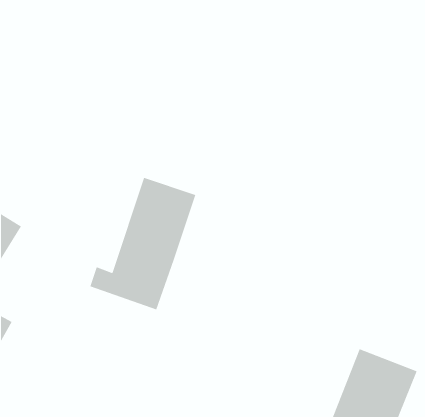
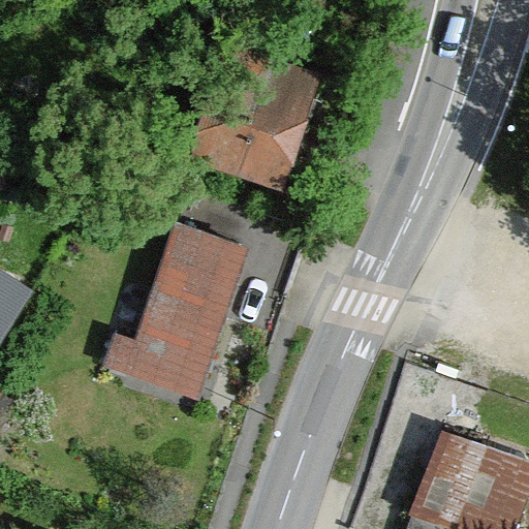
building: none -> [200,51,315,182]

